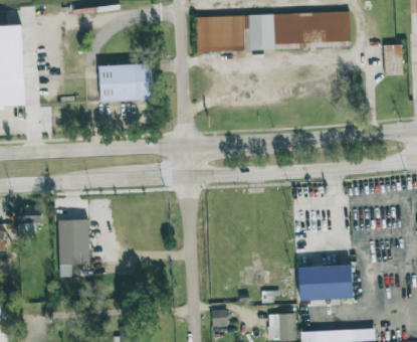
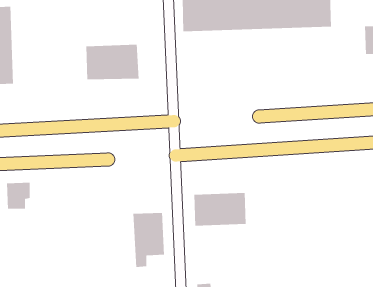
building: [56,219,89,277] -> [132,212,165,268]
building: [298,265,353,300] -> [193,192,246,226]

